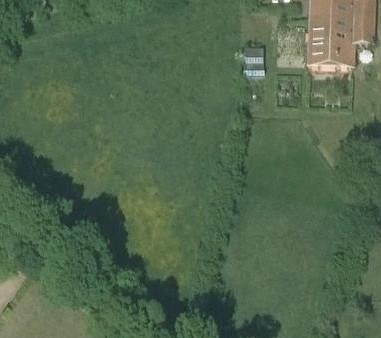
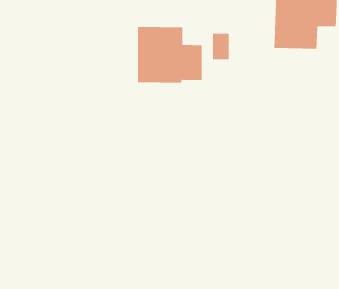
building: none -> [137,26,203,83]

